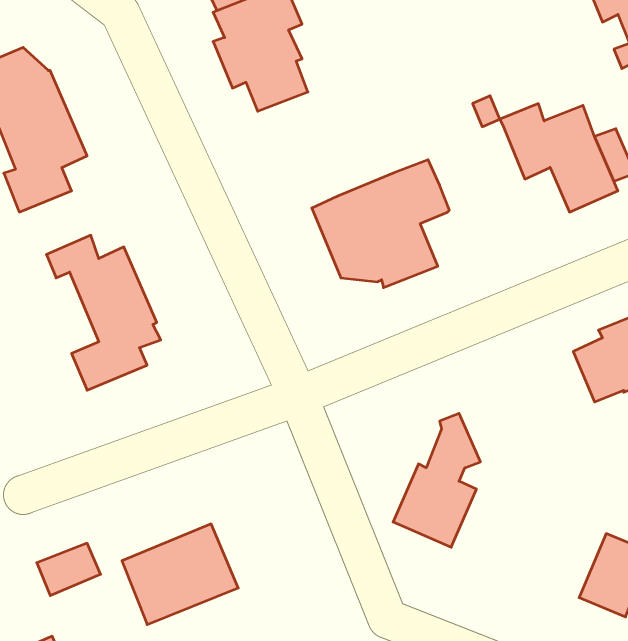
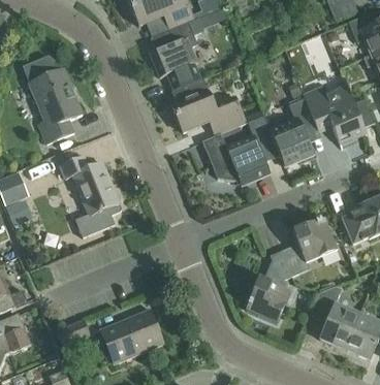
building: none -> [171,77,246,135]
building: none -> [271,98,316,166]
building: none -> [281,218,337,277]
building: none -> [313,286,359,349]

